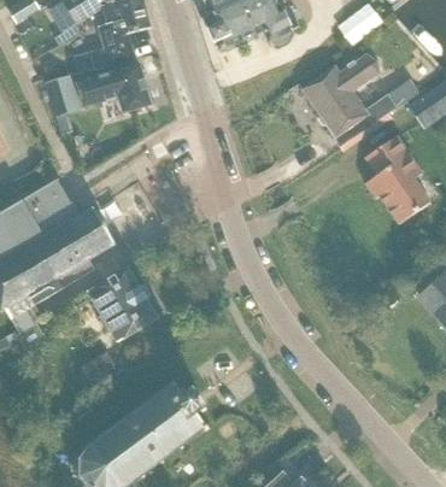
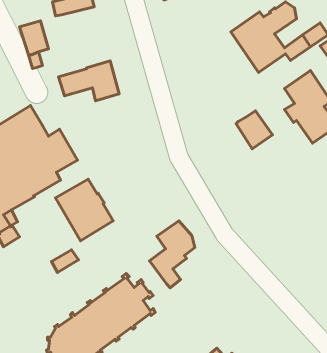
building: [76,63,149,111] -> [59,61,119,101]
building: none -> [236,111,272,149]
building: none -> [150,221,195,288]

